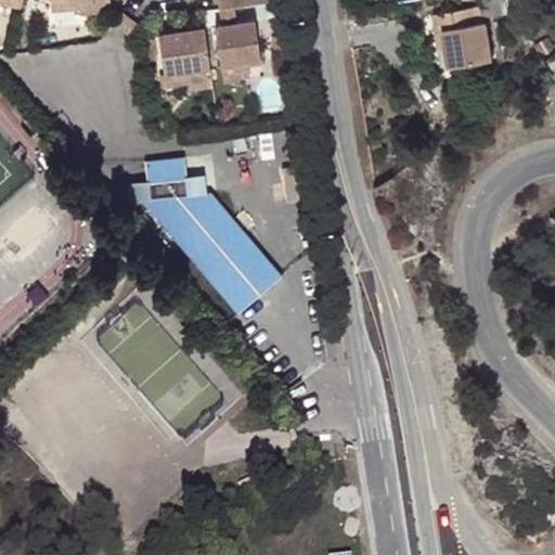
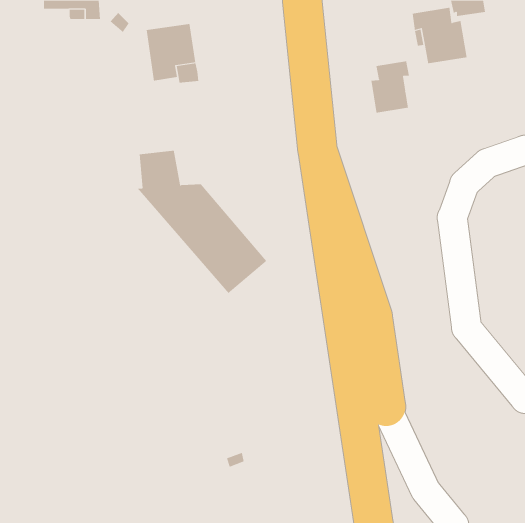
building: [214,20,258,66] -> none
building: none -> [371,61,410,114]

